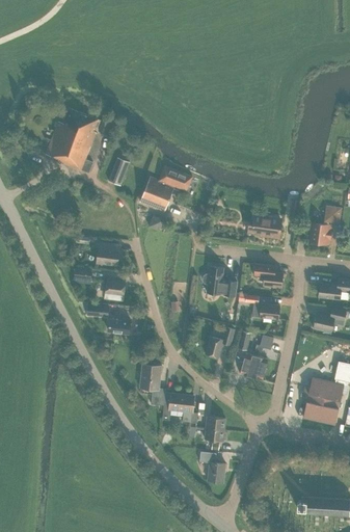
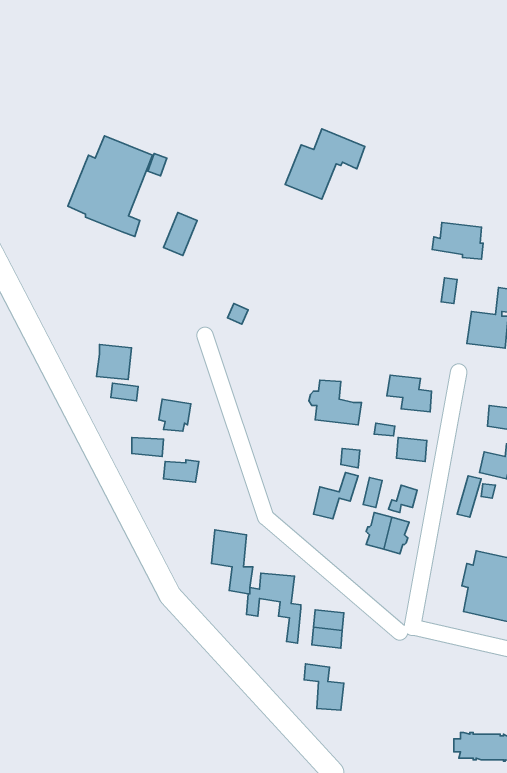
building: [140,165,192,211] -> [285,129,365,199]
building: [247,214,280,238] -> [432,222,483,259]
building: [97,242,119,265] -> [96,345,132,380]

